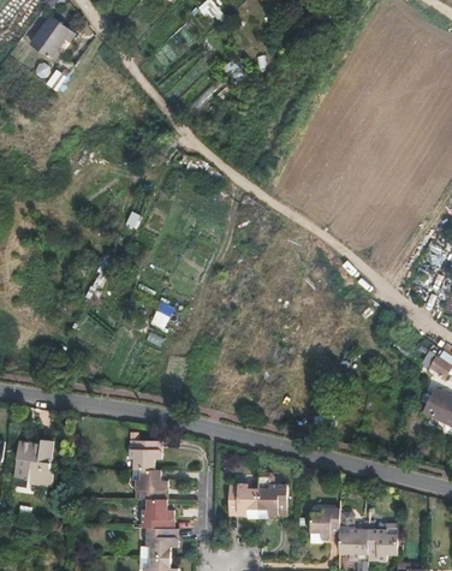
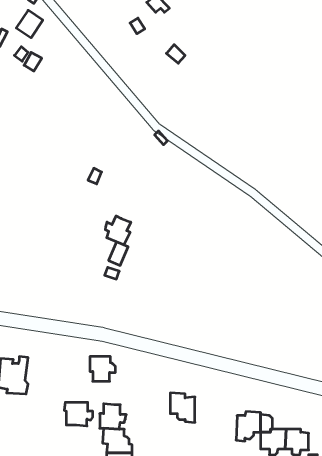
building: none -> [105,216,131,245]
building: [131,469,166,498] -> [64,402,93,426]
building: [257,472,287,519] -> none

